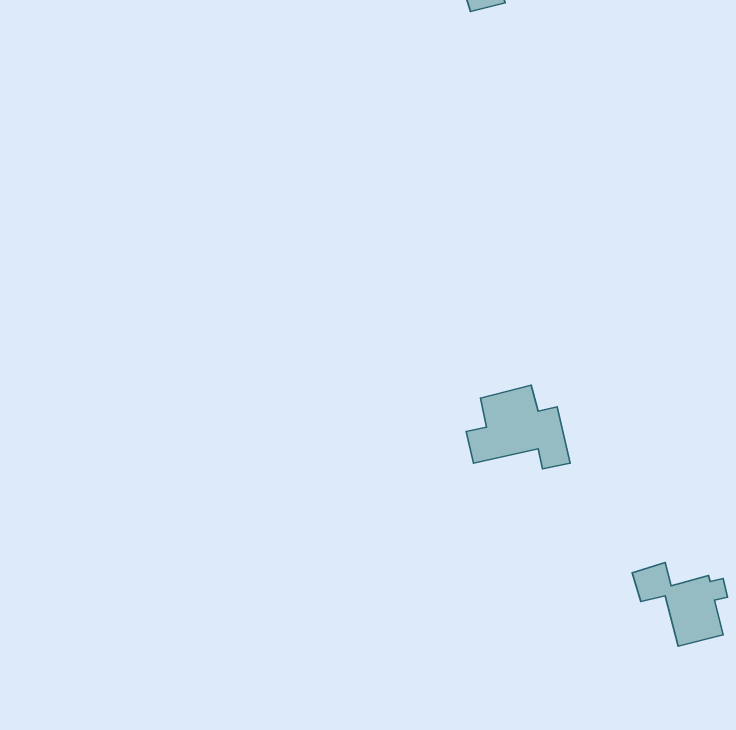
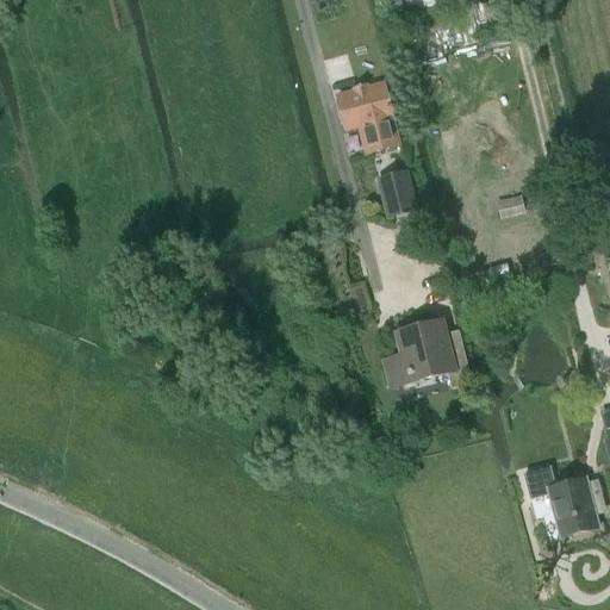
building: none -> [334,79,400,152]
building: none -> [378,168,415,212]

